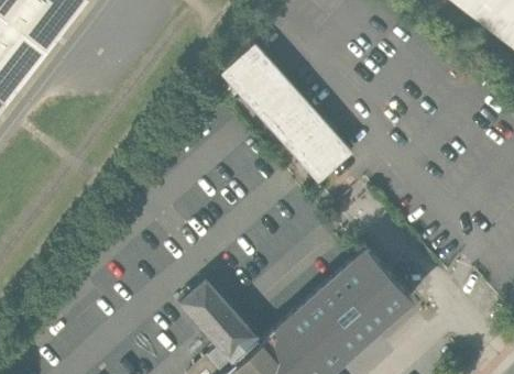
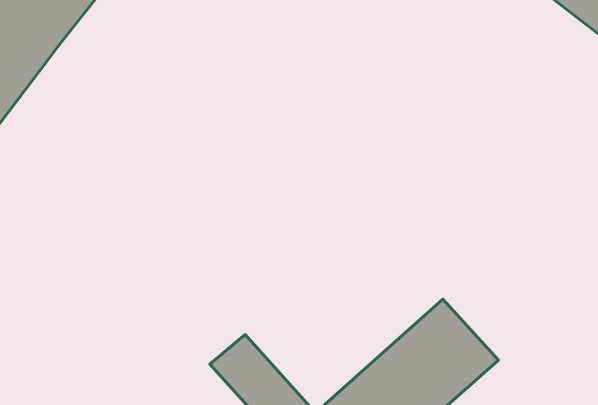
building: [221,45,351,183] -> none

